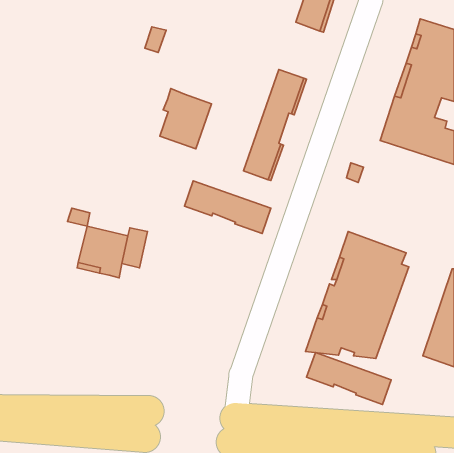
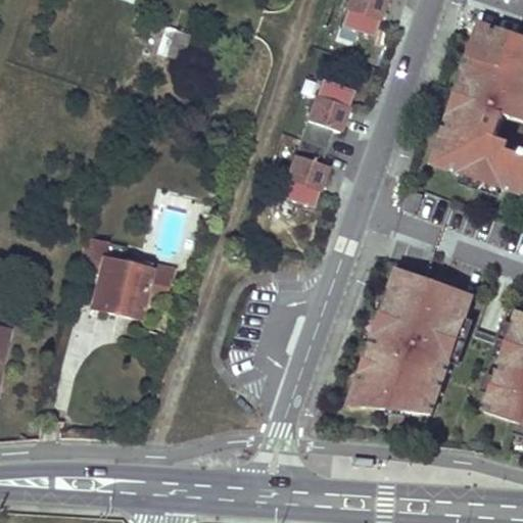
building: [160,88,211,149] -> none
building: [185,181,271,234] -> none
building: [307,353,391,405] -> none

